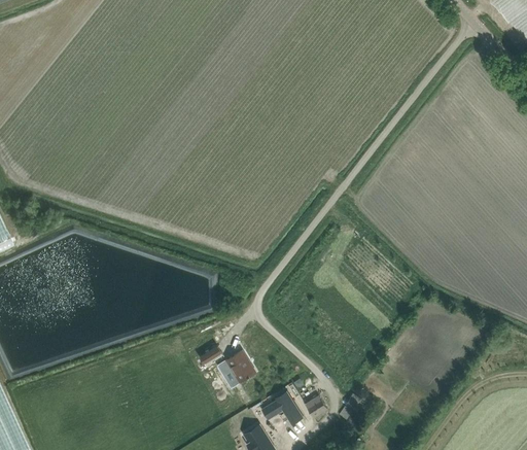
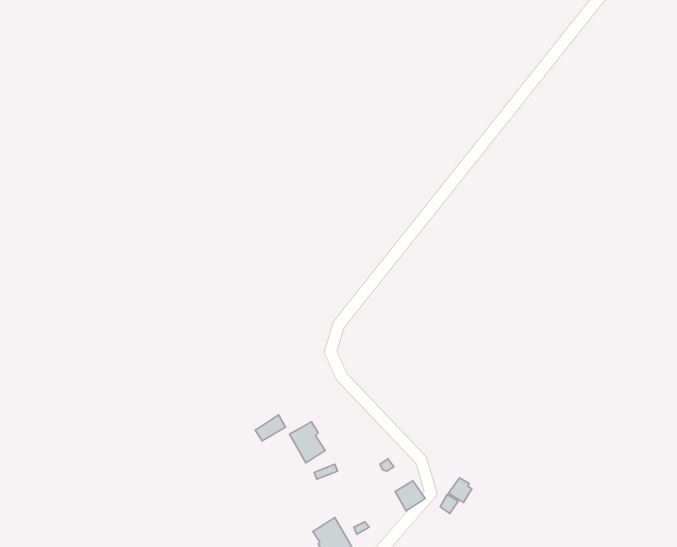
building: [261,391,303,425] -> none

